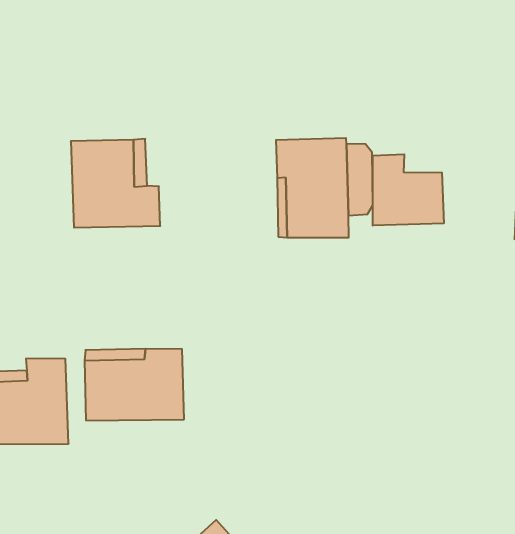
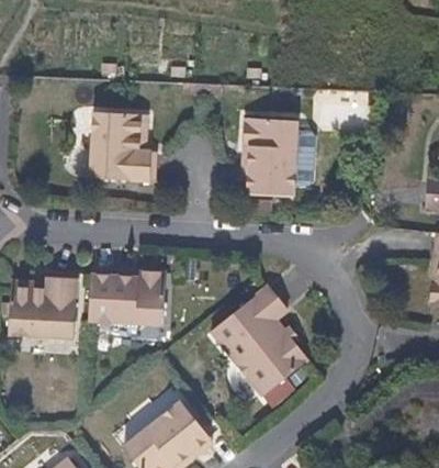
building: [373,154,444,226] -> none
building: none -> [211,289,306,398]

